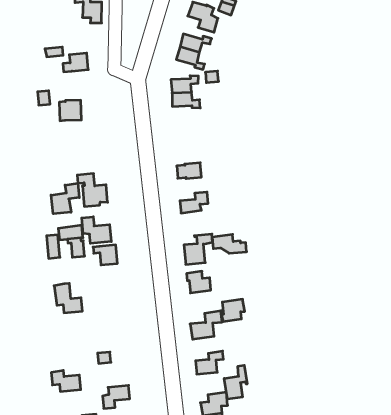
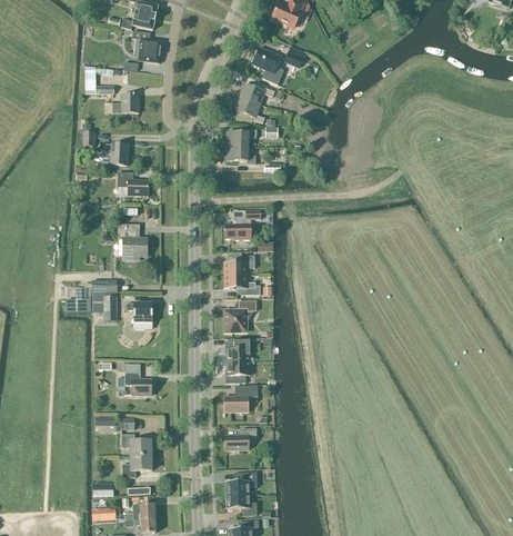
building: none -> [117,171,148,195]
building: [51,183,79,214] -> none
building: [82,217,111,243] -> none
building: [212,234,247,253] -> [224,274,260,294]
building: [54,283,82,313] -> [123,363,151,394]
building: [221,299,245,322] -> [224,360,250,383]
building: [224,365,247,399] -> none
building: [51,370,81,391] -> [121,433,151,455]

